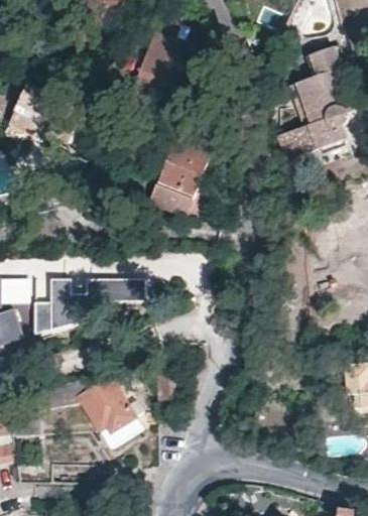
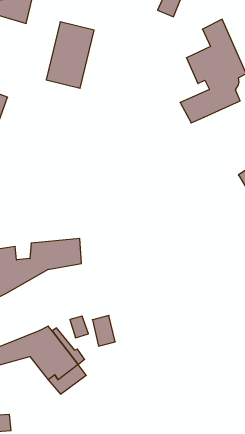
building: [145,124,213,218] -> none

